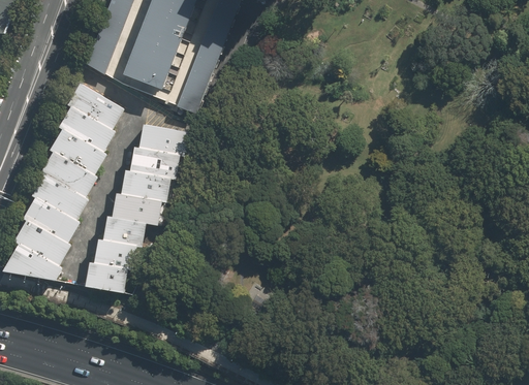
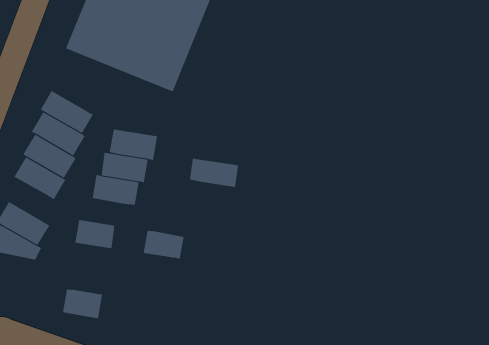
building: [67,83,123,129] -> none
building: [138,124,189,154] -> [189,158,239,188]
building: [25,196,80,242] -> none
building: [103,216,146,245] -> [143,231,184,259]
building: [86,261,127,291] -> [62,289,103,319]

